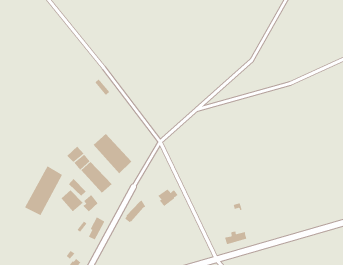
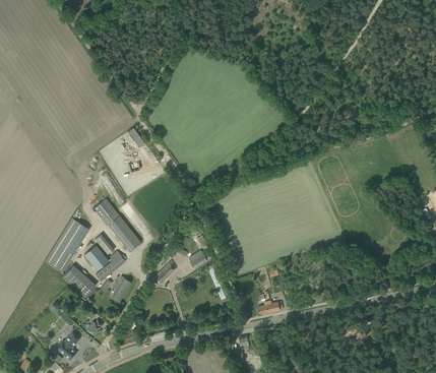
building: [93,133,132,174] -> none
building: none -> [62,264,96,297]

